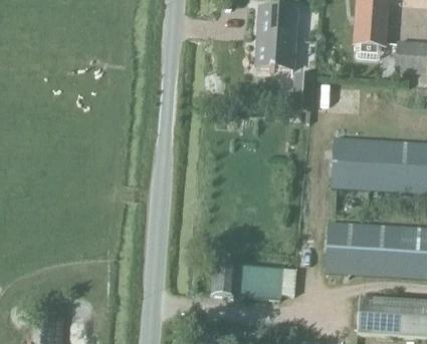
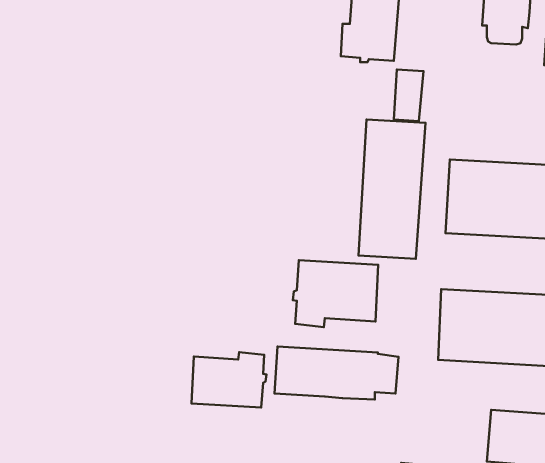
building: none -> [359,119,426,259]
building: none -> [293,260,378,327]
building: none -> [191,352,266,407]

